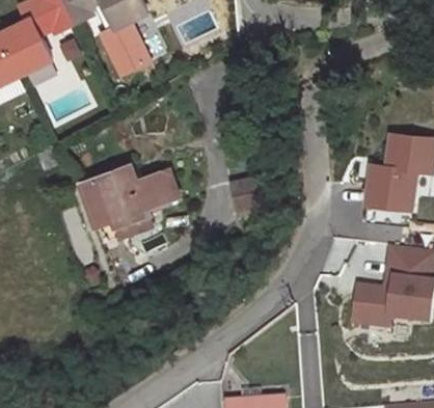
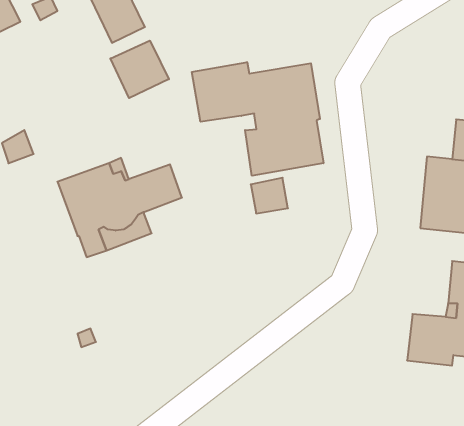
building: none -> [110,41,169,98]
building: none -> [192,62,323,176]

